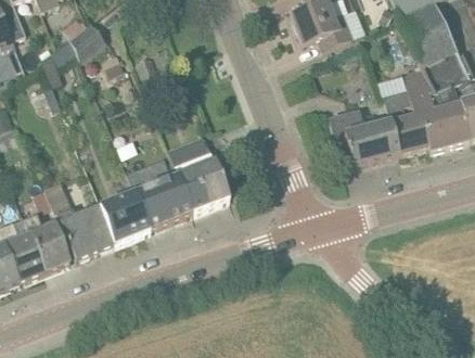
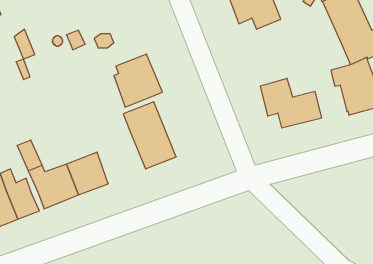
building: [69,21,106,61] -> none
building: [384,66,433,153] -> none
building: [138,168,194,230] -> [114,54,162,107]

